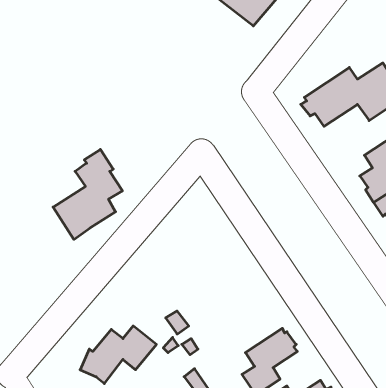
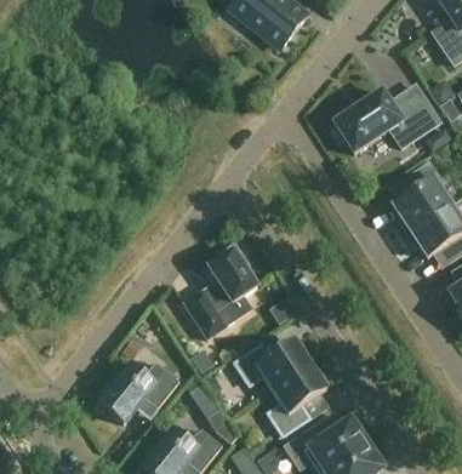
building: [53,149,122,239] -> [186,242,258,337]
building: none -> [235,339,312,389]

